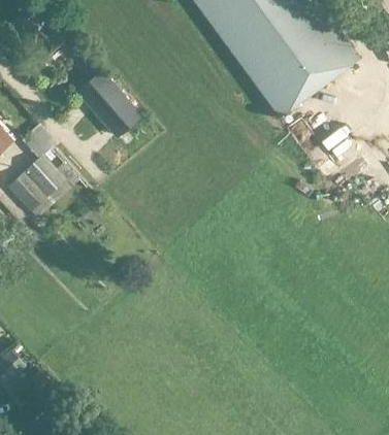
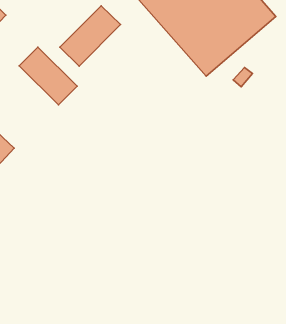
building: none -> [60,6,120,66]

